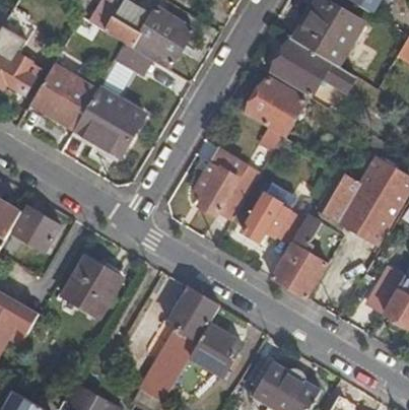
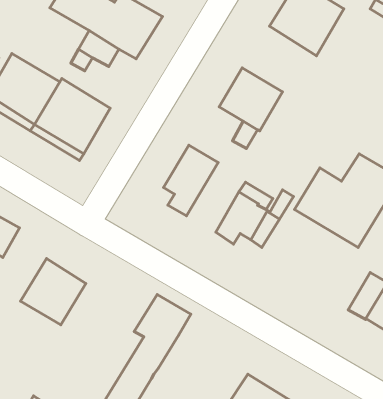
building: [270,37,355,96] -> none
building: [271,214,328,298] -> none
building: [190,325,242,375] -> none

